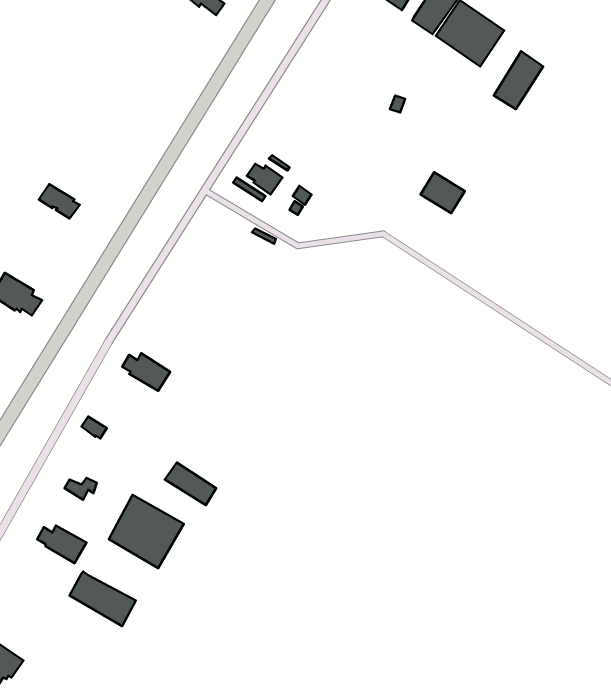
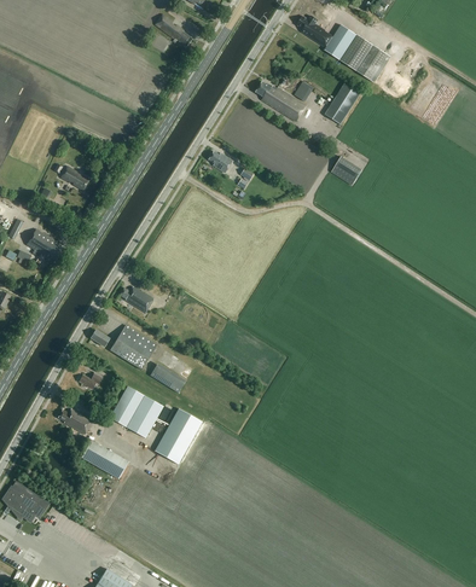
building: [494,51,543,109] -> [324,83,359,124]
building: none -> [255,81,306,122]
building: none -> [109,325,156,370]
building: none -> [153,408,201,464]

